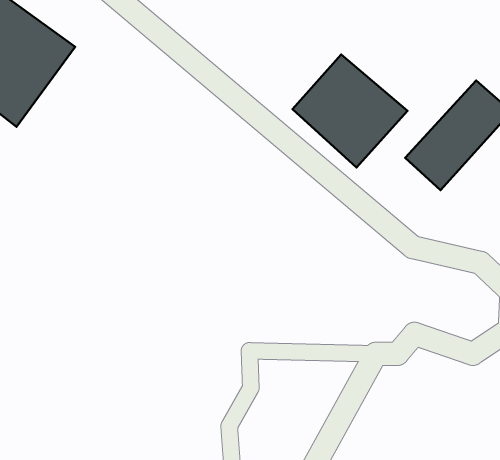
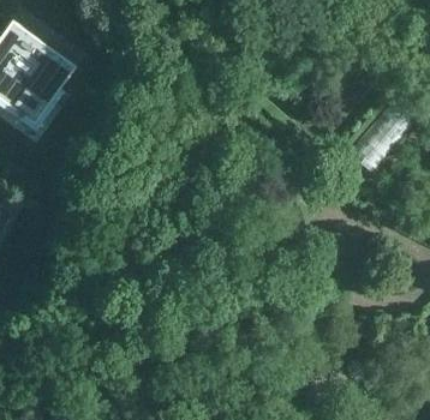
building: [293,54,407,167] -> none

